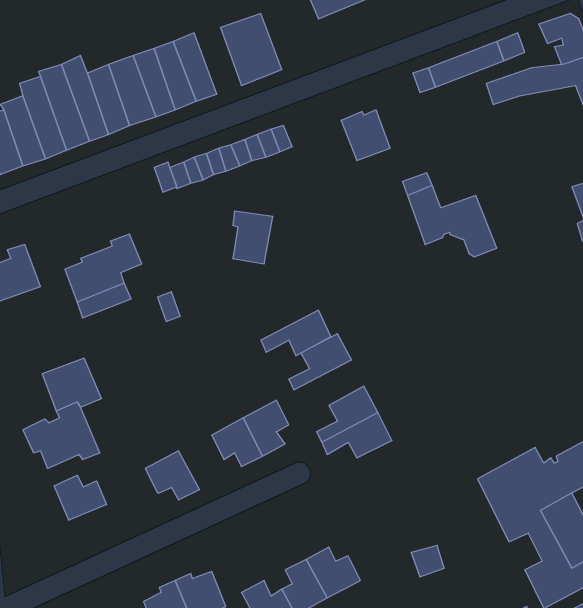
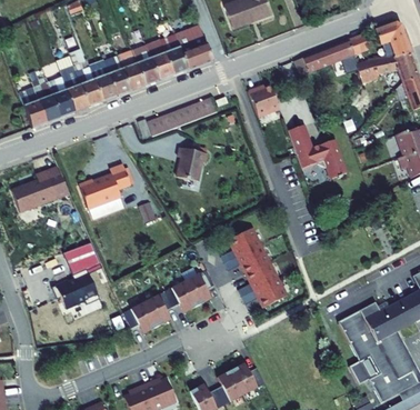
building: none -> [157,31,187,76]
building: [261,310,331,356] -> [220,244,264,273]
building: none -> [147,292,176,327]
building: [54,475,107,520] -> none

